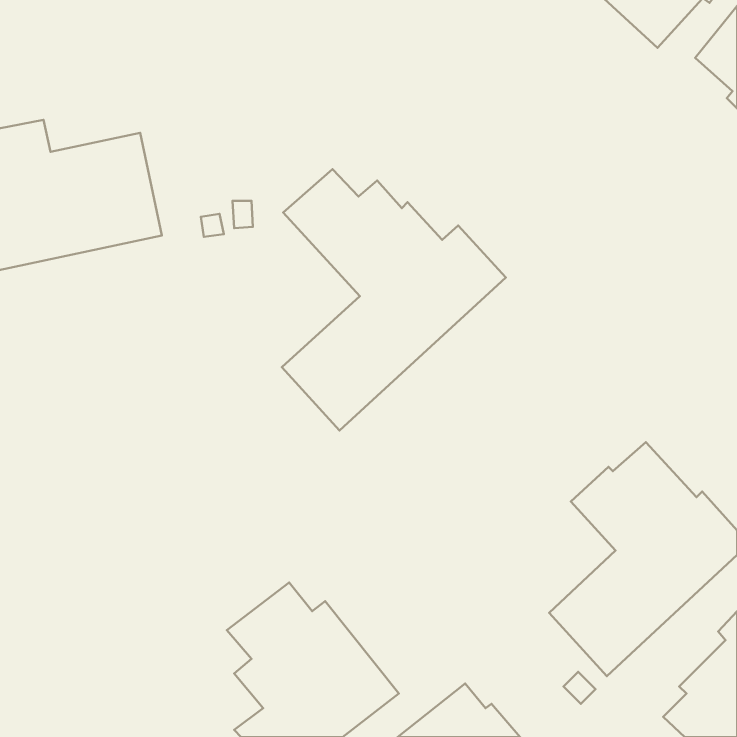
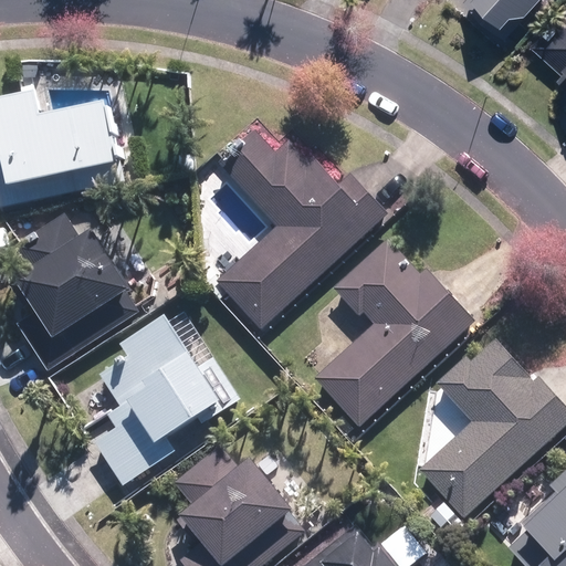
building: none -> [8,214,139,371]
building: none -> [315,240,474,424]
building: none -> [93,315,240,485]

